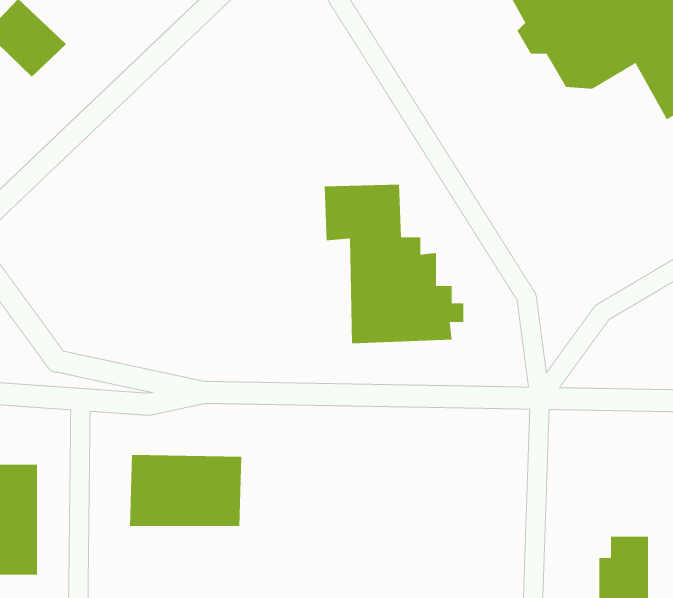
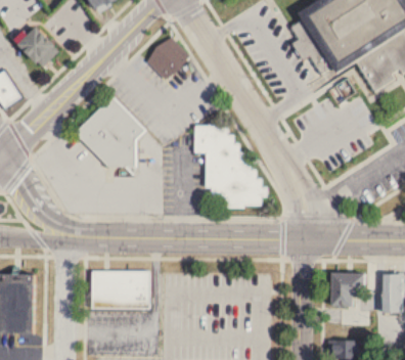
building: none -> [143,36,189,82]
building: none -> [72,96,146,172]
building: none -> [334,272,370,306]

